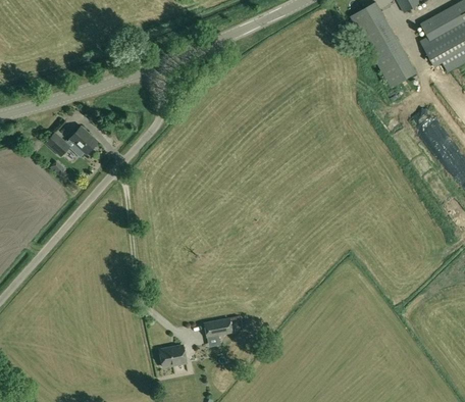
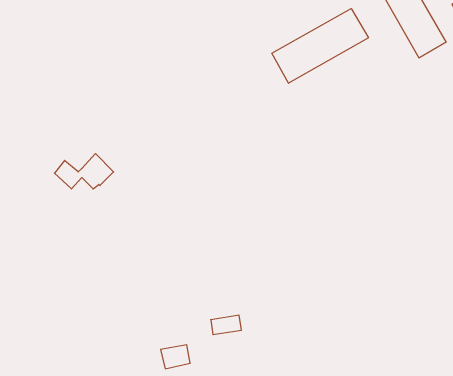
building: none -> [272,9,368,83]
building: [45,124,98,156] -> [54,154,114,189]

